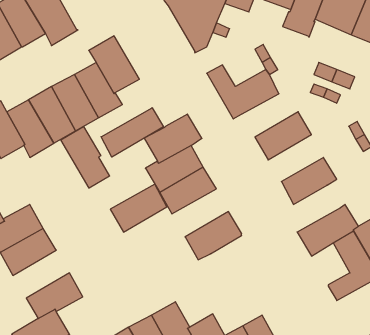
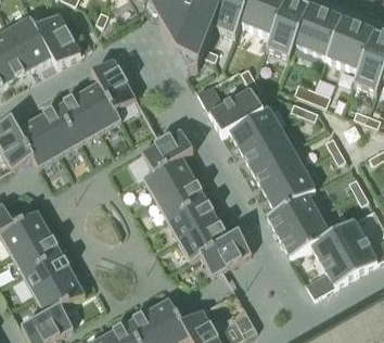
building: none -> [229,105,280,148]
building: [101,108,164,157] -> none
building: [61,126,110,188] -> none
building: none -> [253,143,308,188]
building: [110,184,167,232] -> [166,194,217,238]
building: none -> [267,191,318,233]
building: none -> [201,229,252,274]
building: none -> [23,250,74,293]

